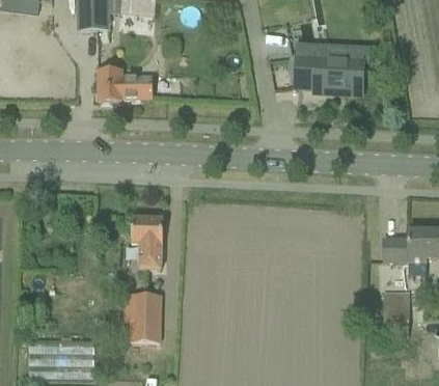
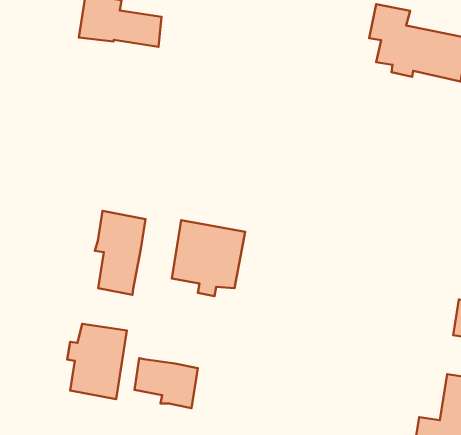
building: none -> [172,220,245,296]
building: none -> [135,358,198,408]

